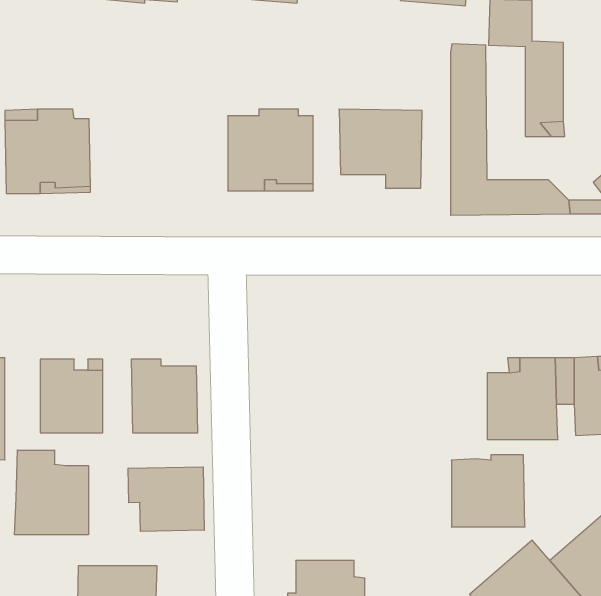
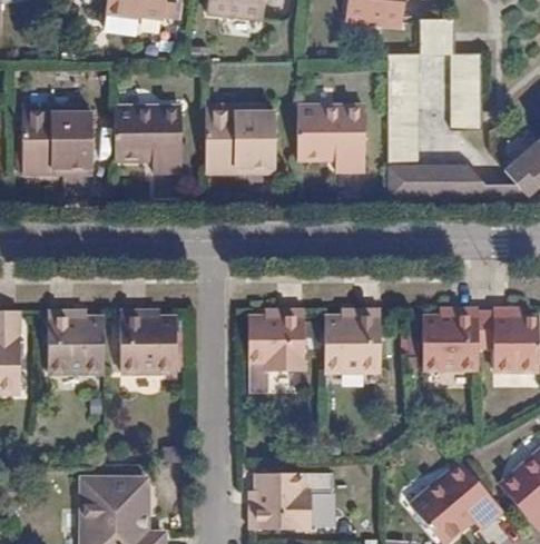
building: none -> [115,108,180,175]
building: none -> [252,310,308,372]
building: [15,450,88,535] -> none
building: [451,455,525,527] -> [325,311,385,370]
building: [128,467,204,531] -> none

